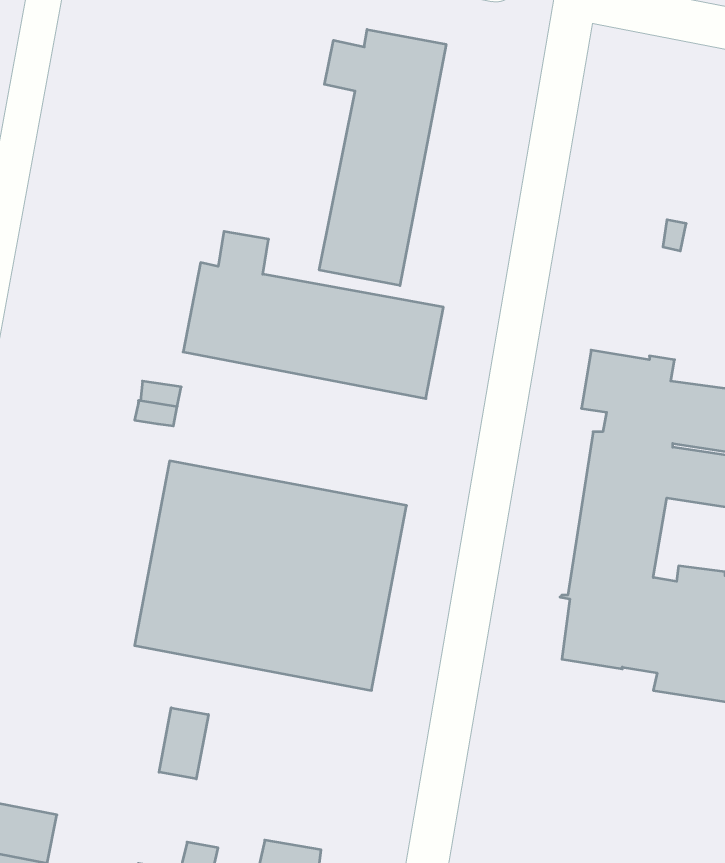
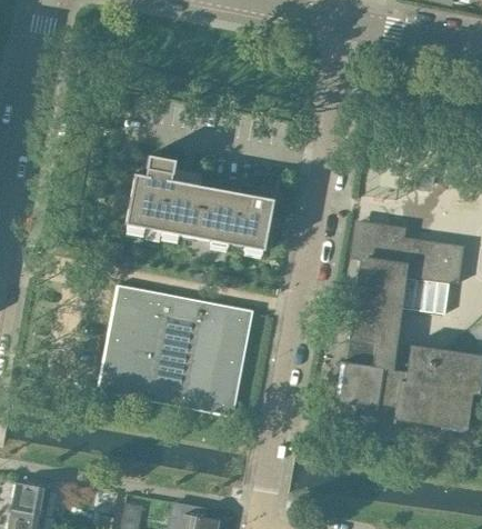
building: [319,29,446,286] -> none
building: [159,708,208,779] -> none

